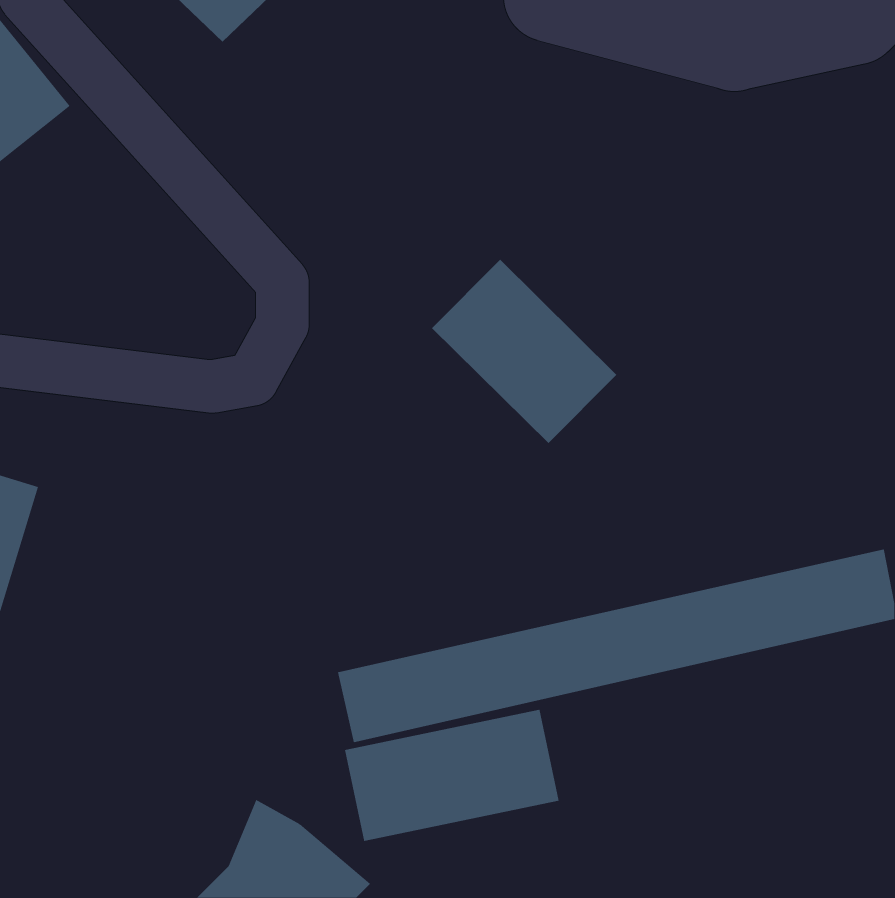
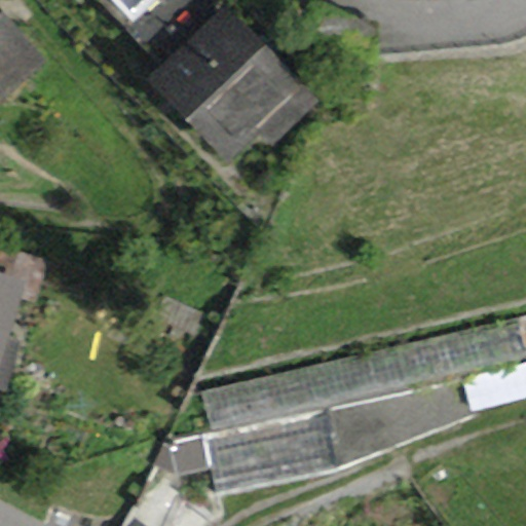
building: none -> [145,5,320,163]
building: [431,259,617,444] -> none

